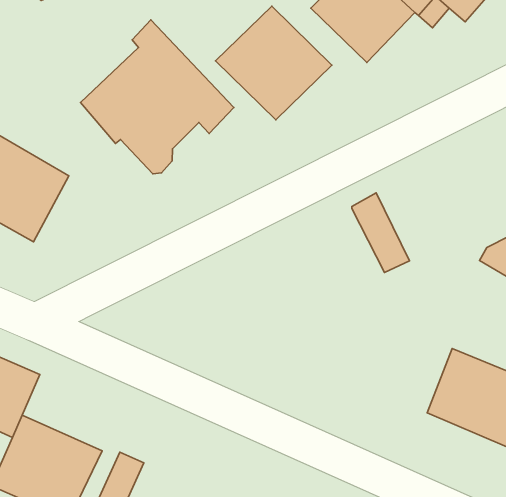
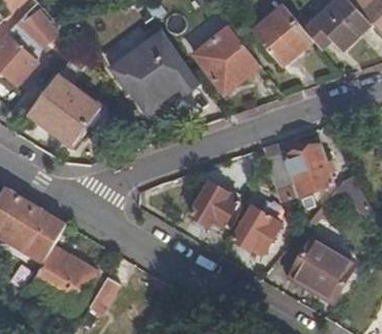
building: none -> [284,144,330,216]
building: none -> [189,183,236,226]
building: none -> [231,208,278,251]

